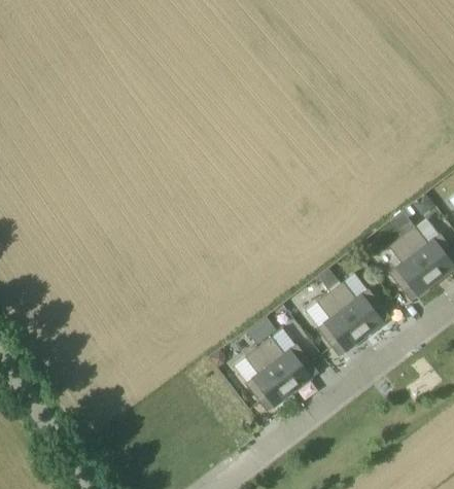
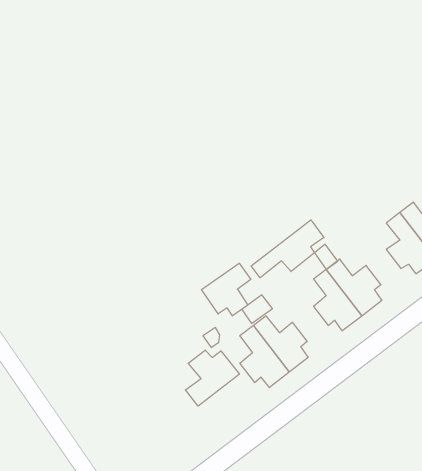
building: none -> [251,220,324,278]
building: none -> [202,263,251,316]
building: none -> [185,350,239,406]

